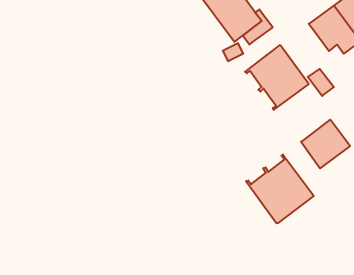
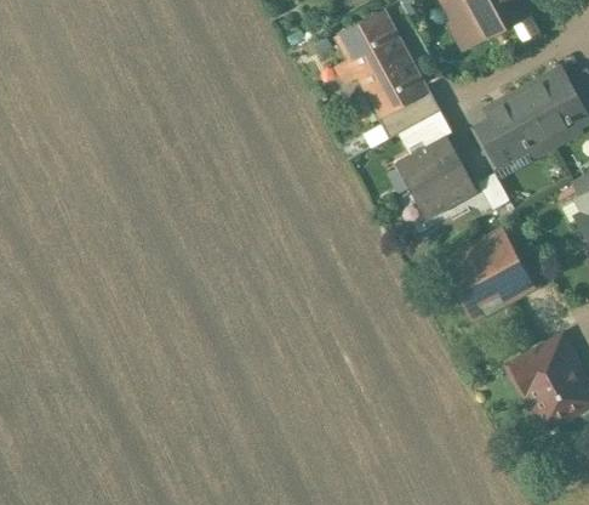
building: none -> [414,110,452,146]
building: none -> [471,120,510,163]
building: [246,154,314,223] -> none

